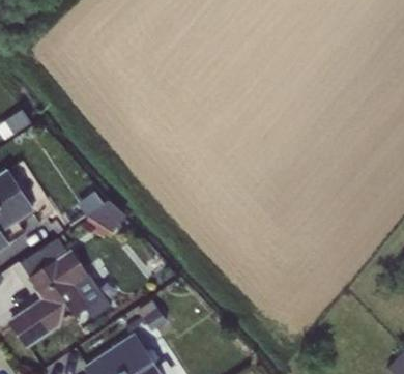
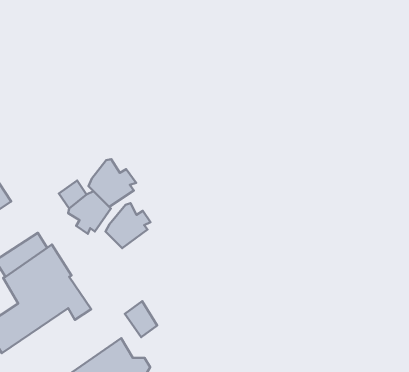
building: none -> [89,159,136,207]
building: none -> [105,203,150,248]

